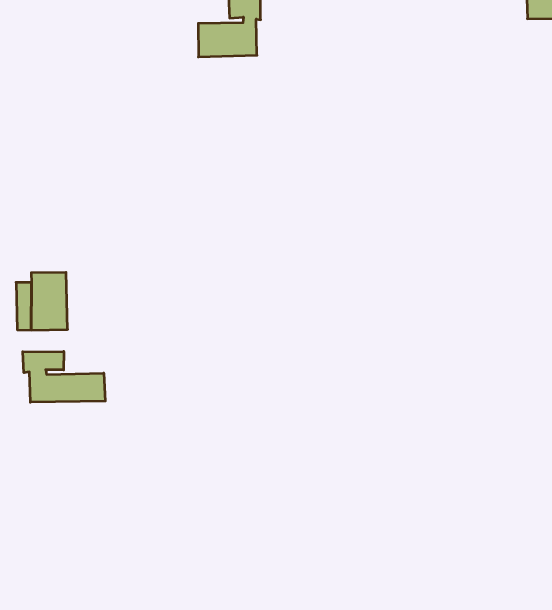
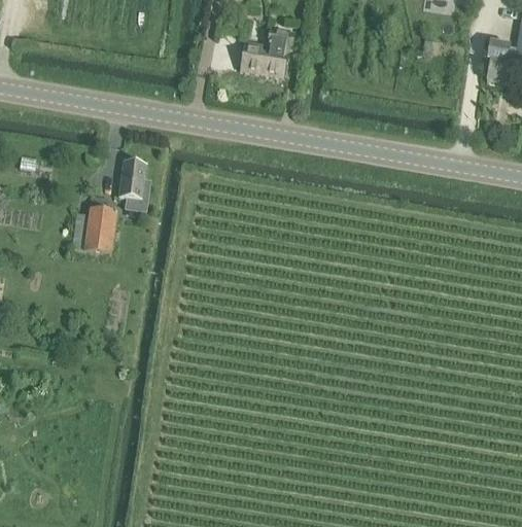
building: none -> [118,160,146,207]
building: [23,351,105,402] -> none

